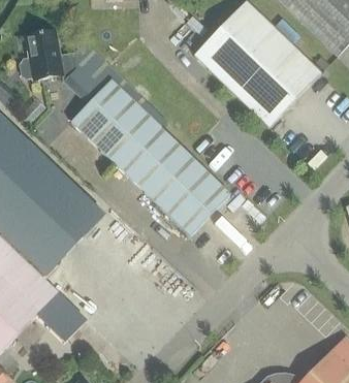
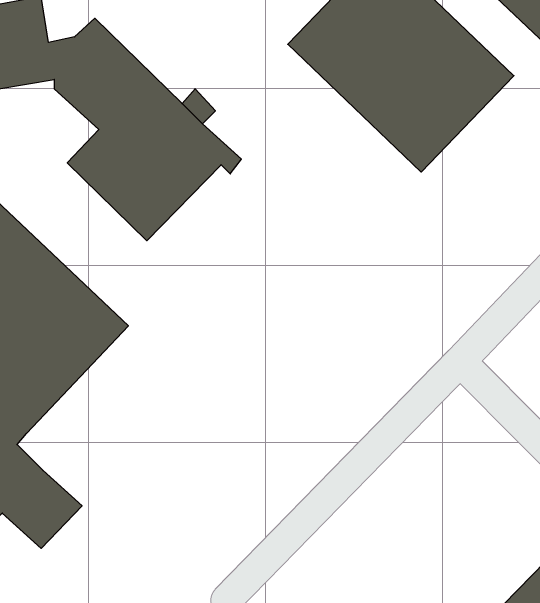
building: [115,122,230,235] -> none

